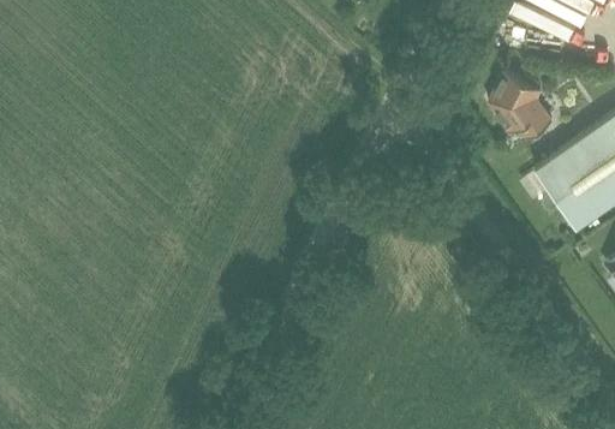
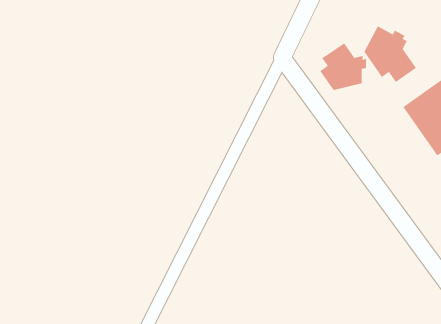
building: none -> [319,42,367,91]

